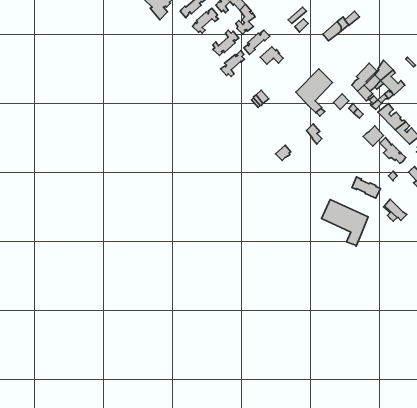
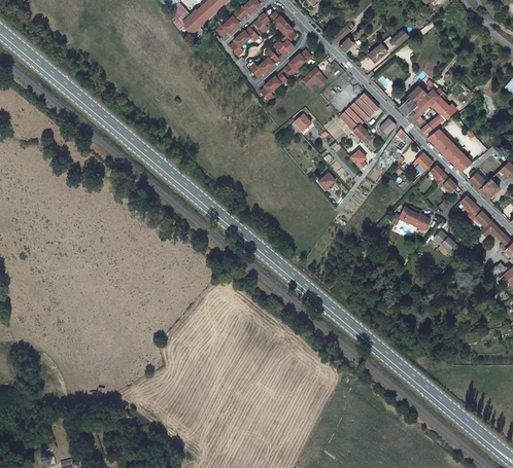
building: [322,200,368,246] -> none

